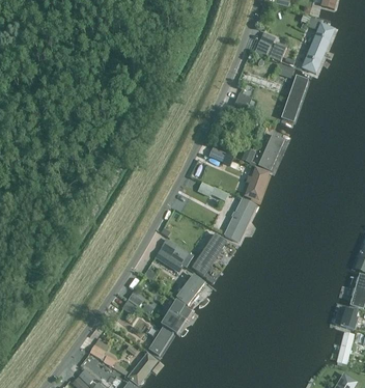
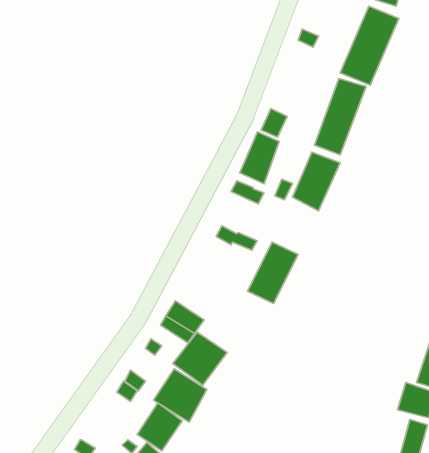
building: [241,163,271,202] -> [240,132,279,184]
building: [190,231,232,277] -> none

